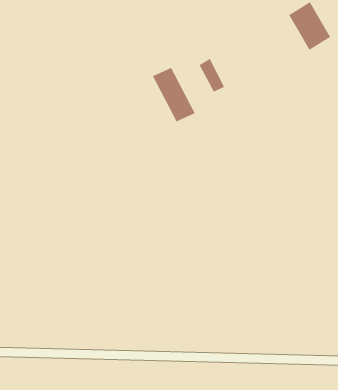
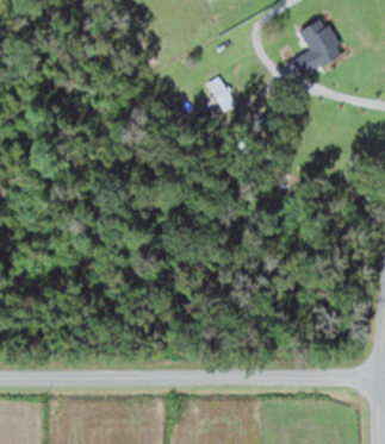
building: [152,67,196,122] -> none

